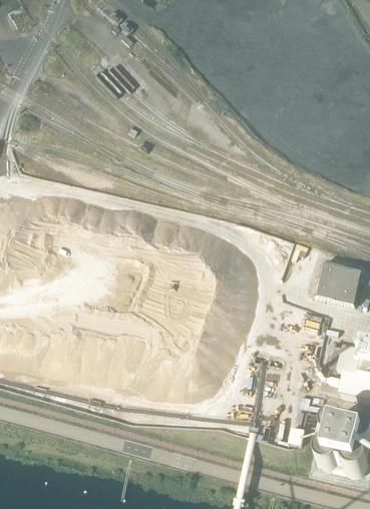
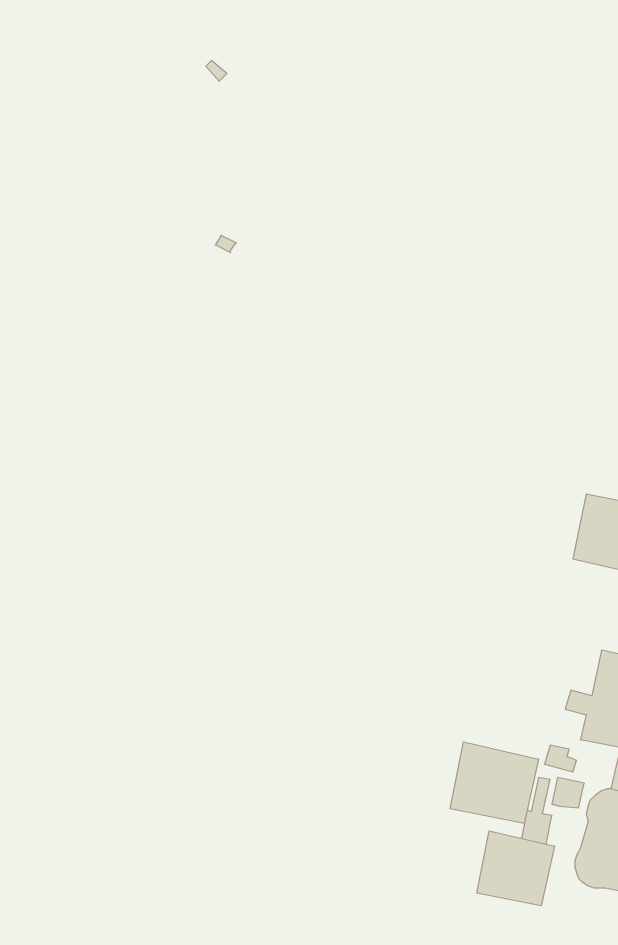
building: none -> [450,742,539,823]
building: none -> [477,831,554,906]

